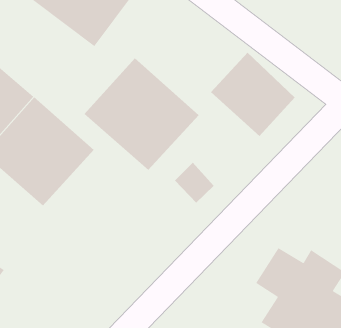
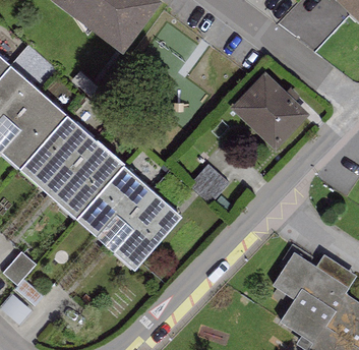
building: [83,57,199,171] -> [74,161,182,267]

